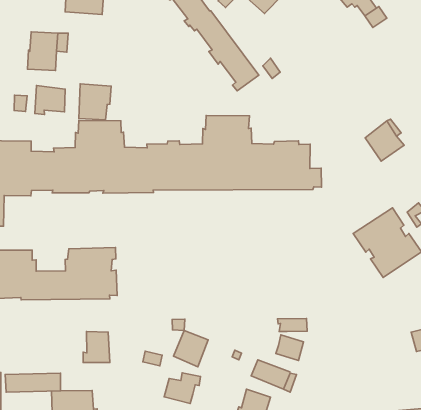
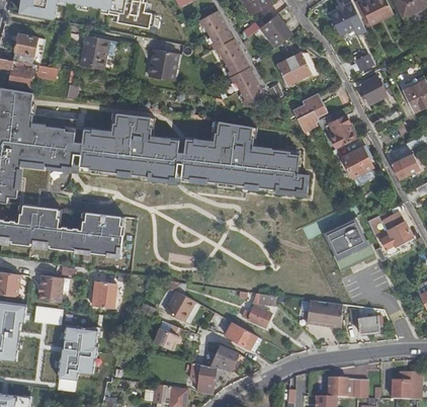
building: none -> [276,52,312,85]
building: none -> [359,75,387,103]
building: none -> [292,92,327,129]
building: [79,84,111,120] -> [149,49,178,80]
building: [35,86,65,114] -> none
building: none -> [330,115,357,148]
building: none -> [307,300,343,326]
building: none -> [39,274,63,302]

